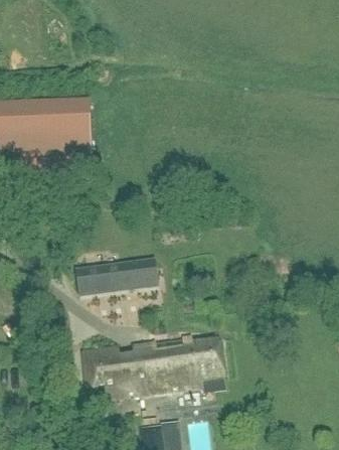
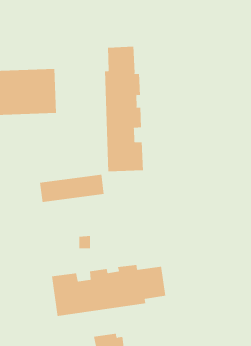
building: none -> [104,46,144,172]
building: [75,259,155,293] -> [39,174,105,202]

